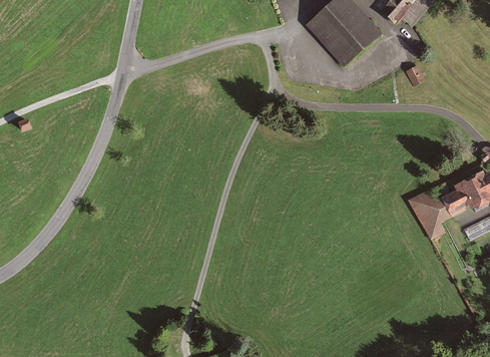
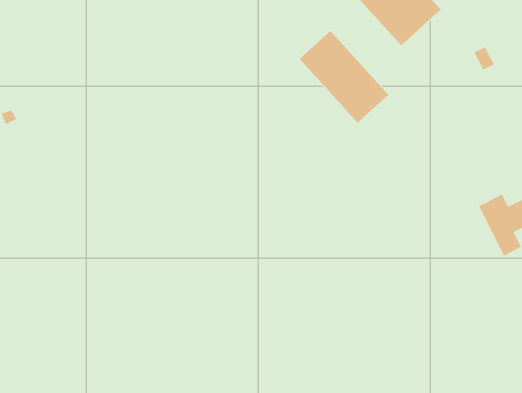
building: none -> [299,30,389,123]

